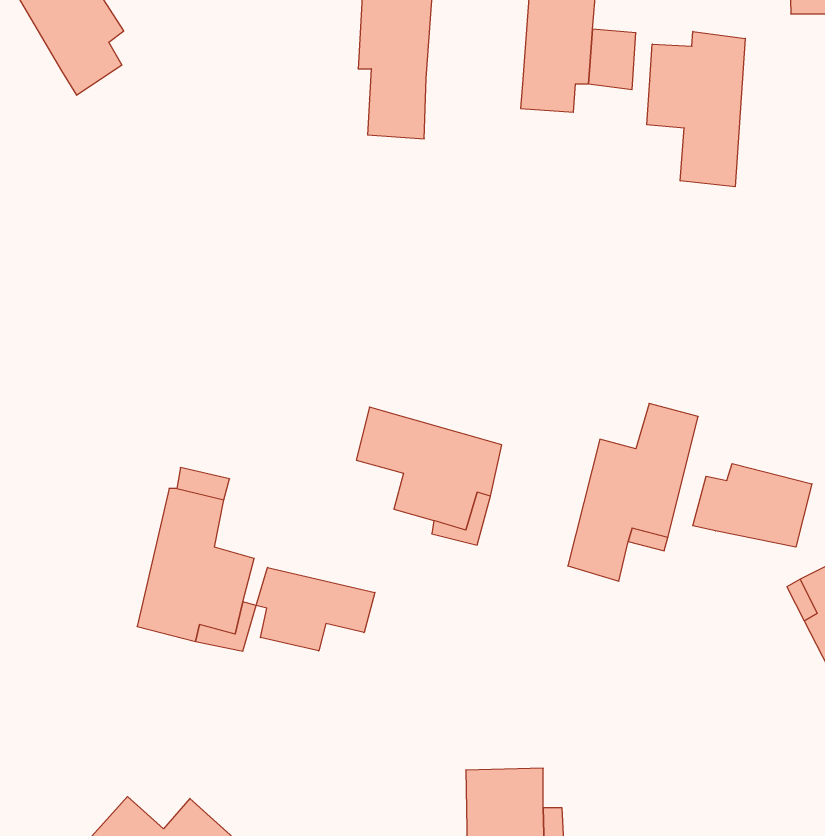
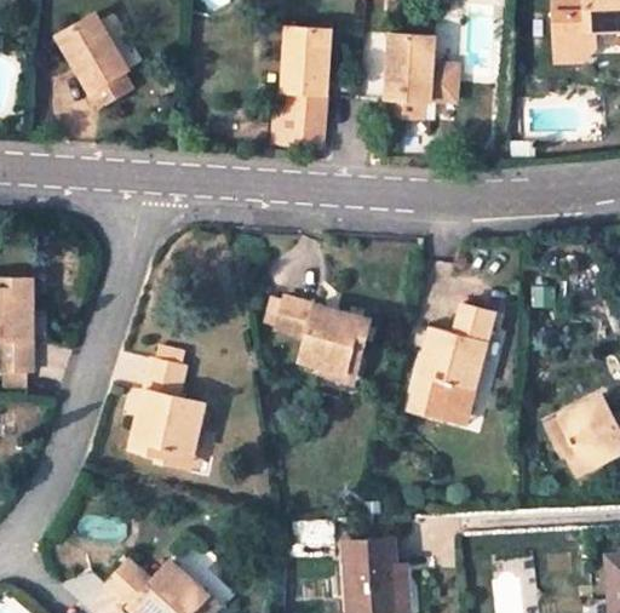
building: [647,31,745,187] -> none
building: [693,464,812,547] -> none
building: [256,567,375,651] -> none

